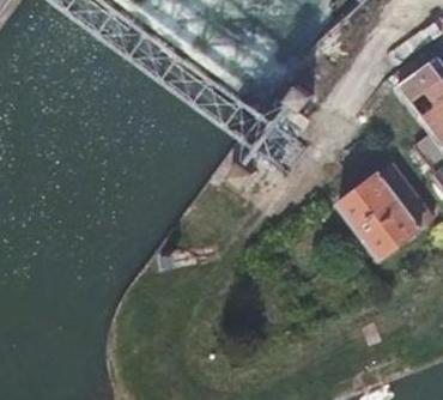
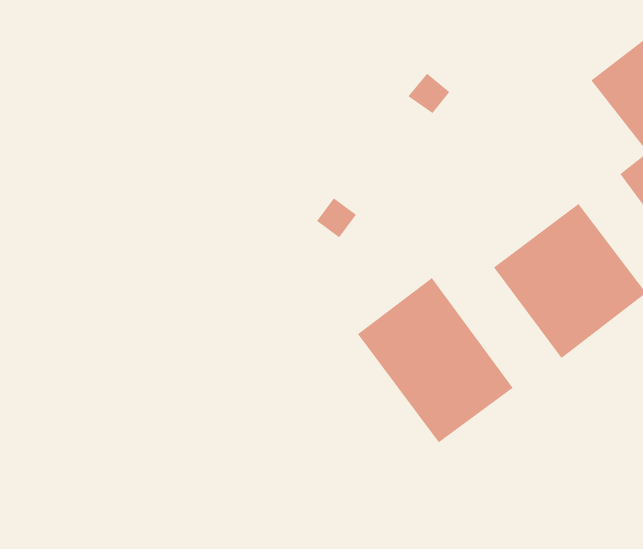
building: none -> [357,277,514,443]

